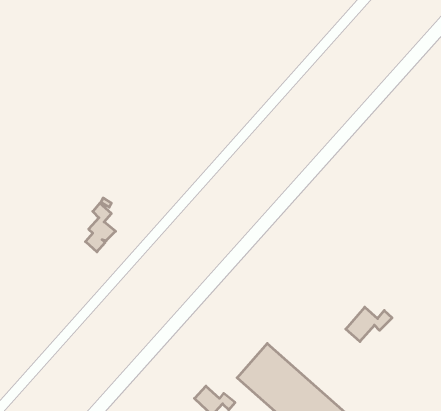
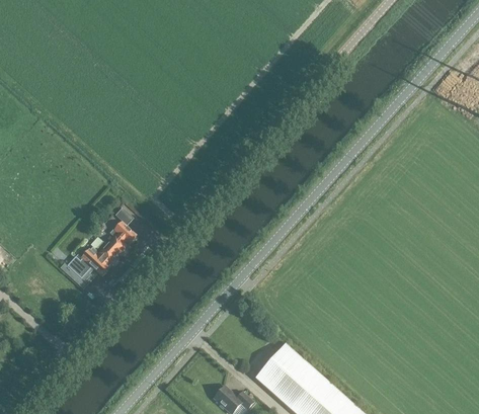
building: none -> [67,240,118,277]
building: [346,307,392,342] -> none

